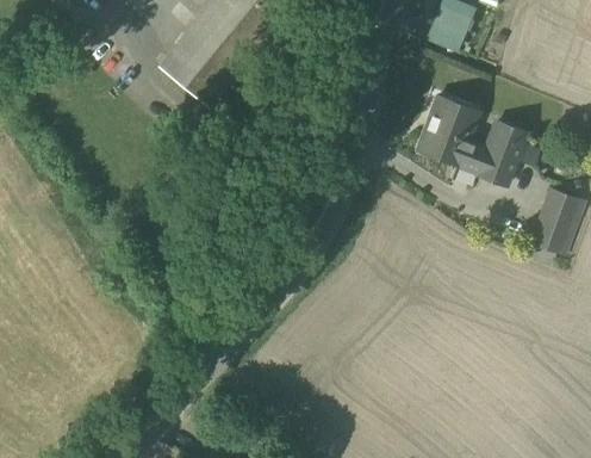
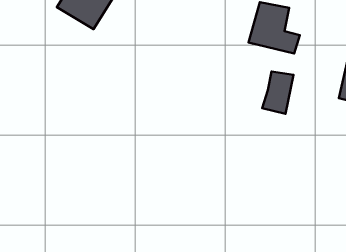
building: [478,124,527,185] -> [262,71,294,114]

